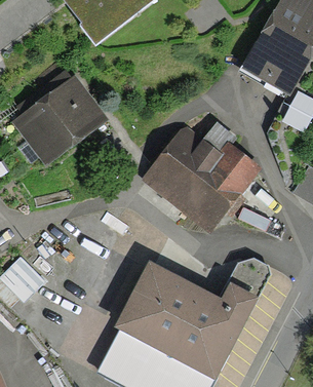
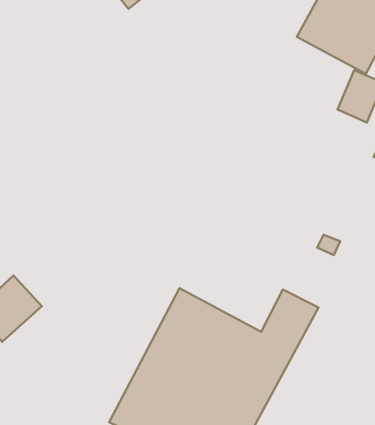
building: [21,76,112,162] -> none
building: [142,129,253,227] -> none

